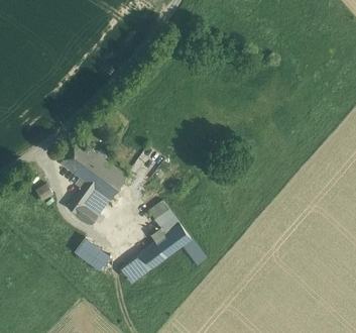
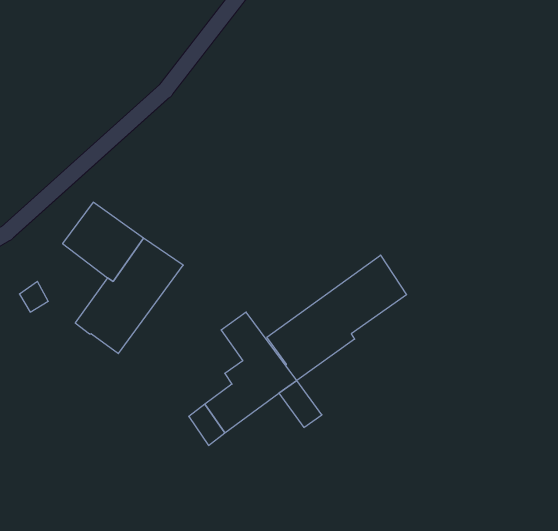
building: none -> [267,255,407,381]
building: [74,238,109,271] -> none

